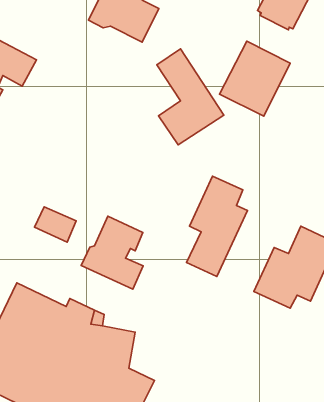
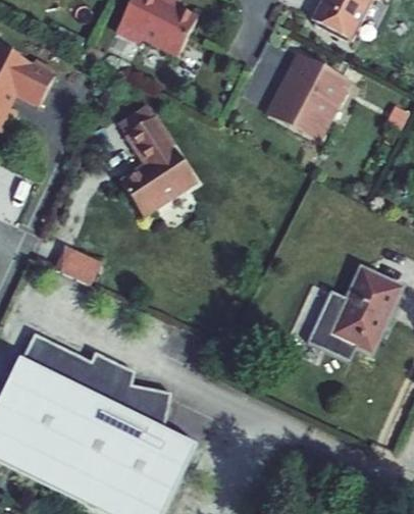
building: [157,49,224,145] -> [118,104,196,215]
building: [187,176,247,276] -> none
building: [81,216,143,289] -> none

